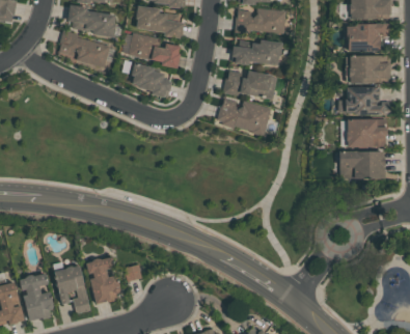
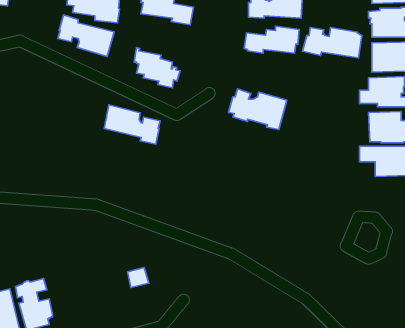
building: [129,32,181,68] -> [104,105,160,144]
building: [222,71,277,99] -> [302,28,362,58]
building: [85,257,120,305] -> none
building: [54,266,91,313] -> none

